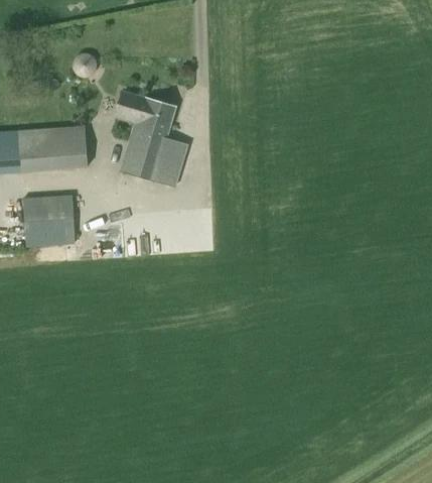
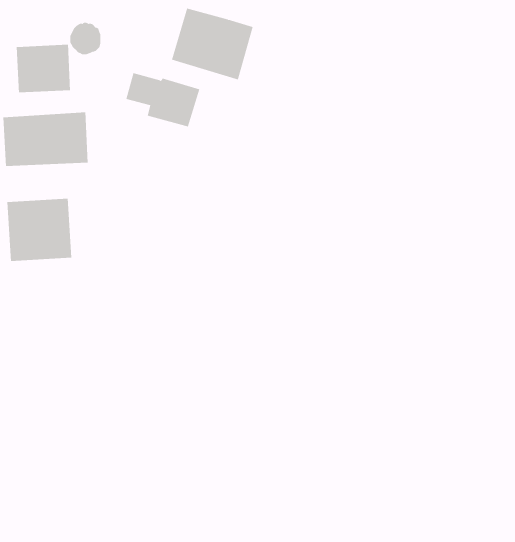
building: none -> [16,44,71,93]
building: [121,129,186,187] -> [171,8,254,80]

